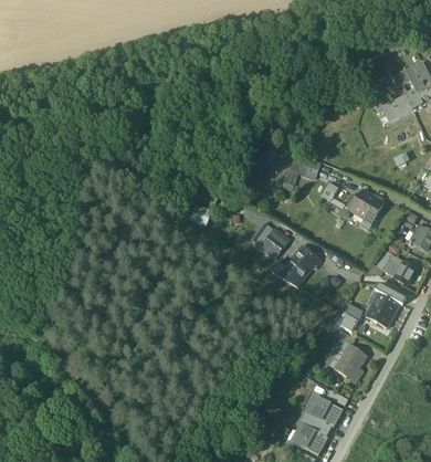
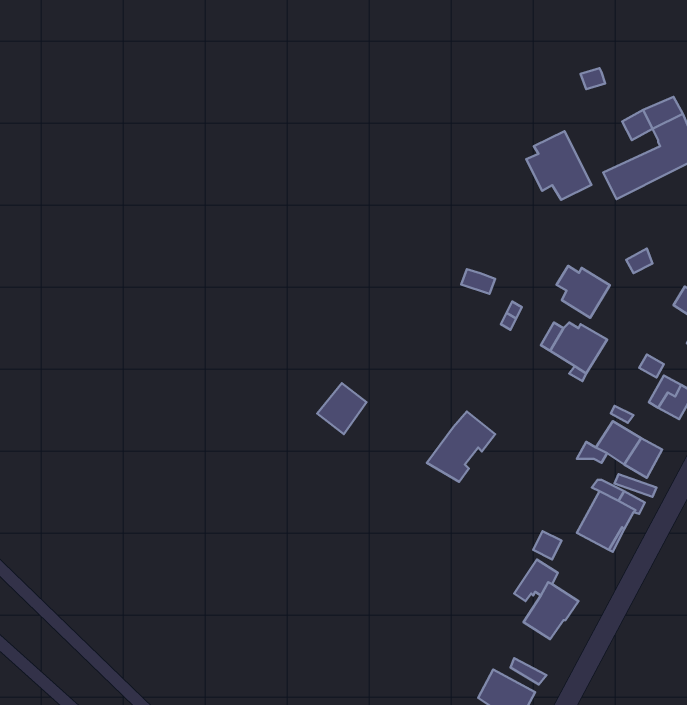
building: none -> [526,131,591,200]
building: none -> [557,266,610,318]
building: [260,228,288,258] -> [317,383,367,434]

